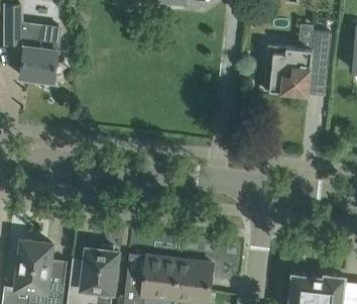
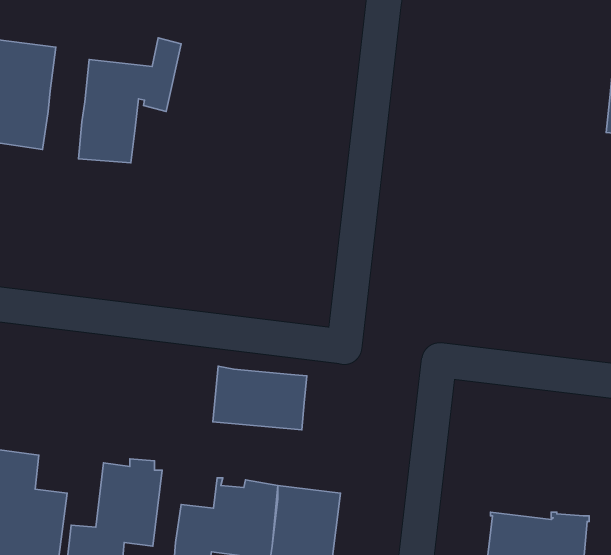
building: none -> [79,38,181,163]
building: [263,31,331,95] -> none
building: none -> [213,366,307,430]

